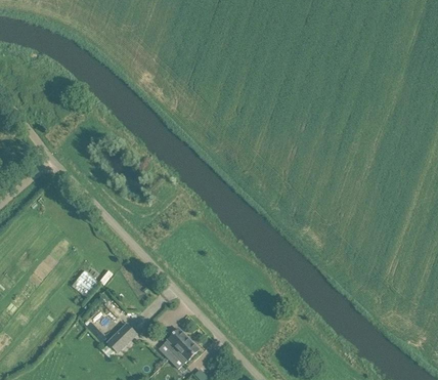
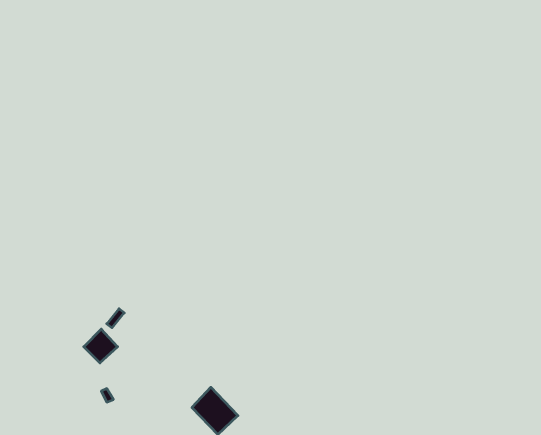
building: [106,324,136,352] -> none

